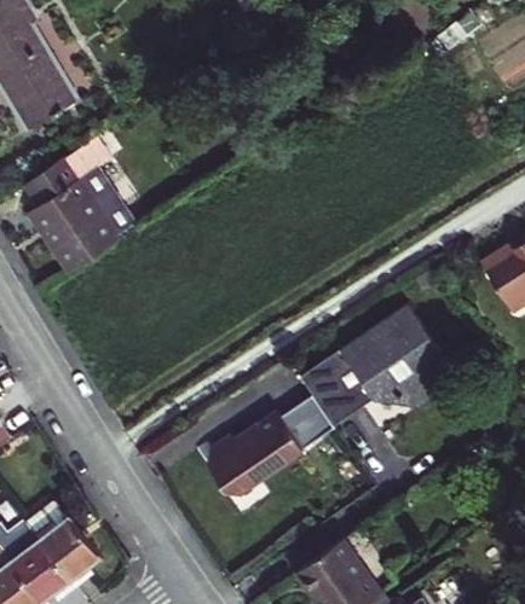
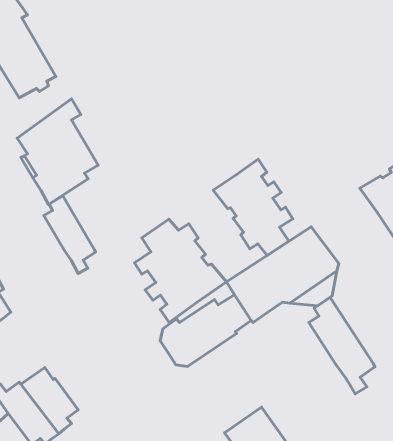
building: none -> [213,159,293,255]
building: none -> [44,196,96,273]
building: none -> [134,219,226,322]
building: none -> [309,297,375,394]

